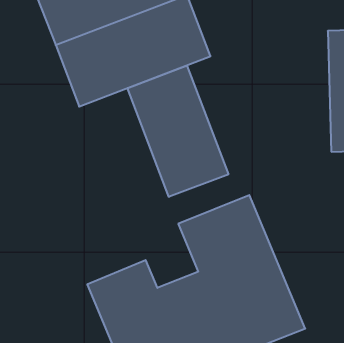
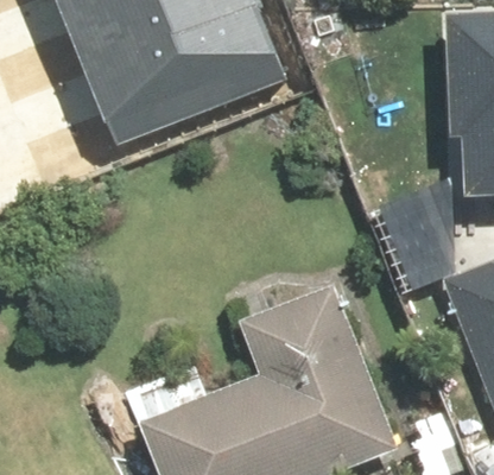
building: [127,66,228,197] -> none

